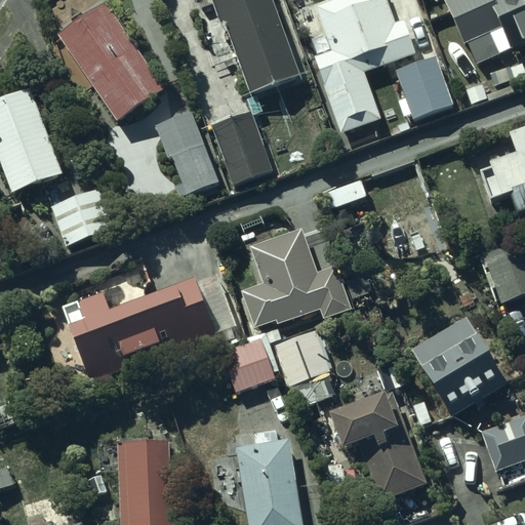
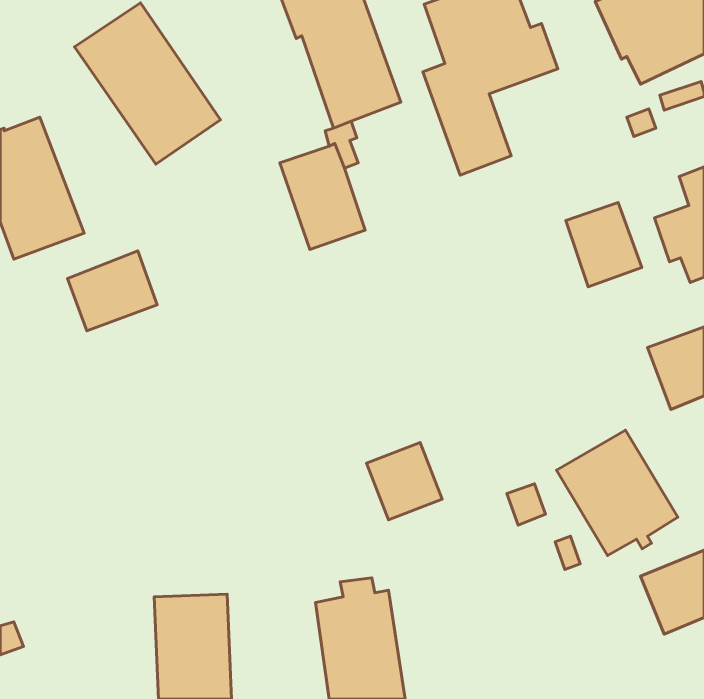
building: [398,54,454,117] -> [566,203,642,287]
building: [154,113,219,199] -> none
building: [240,229,351,327] -> none
building: [60,274,237,382] -> none
building: [219,328,282,392] -> none
building: [328,393,426,501] -> none

